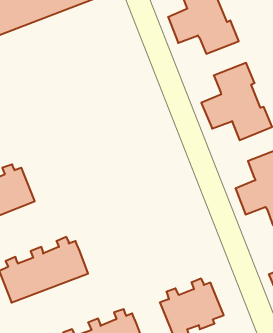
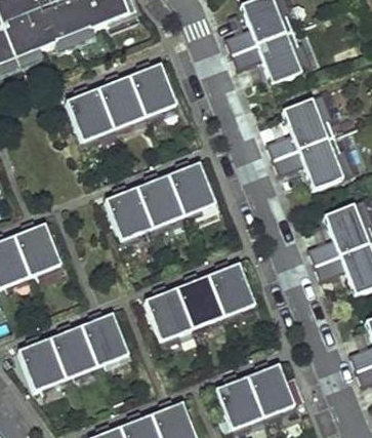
building: none -> [67,58,176,146]
building: none -> [105,158,215,245]
building: none -> [144,258,254,346]

